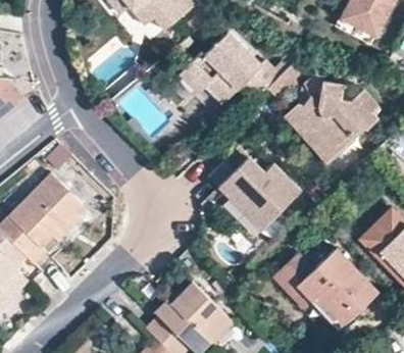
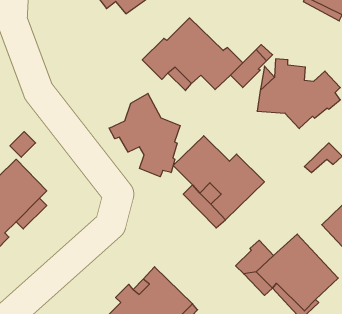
building: none -> [109,93,180,177]
building: [295,122,368,162] -> none

